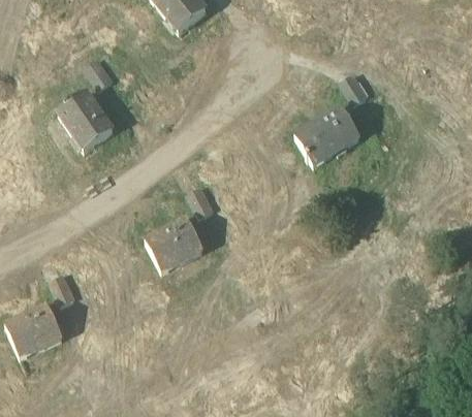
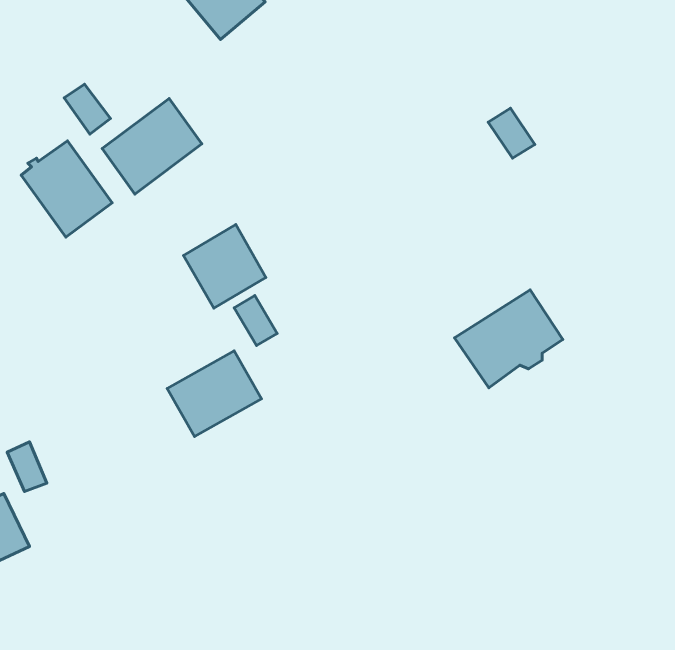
building: none -> [102,98,202,194]
building: [294,105,359,164] -> [455,290,563,388]
building: none -> [183,225,266,308]

